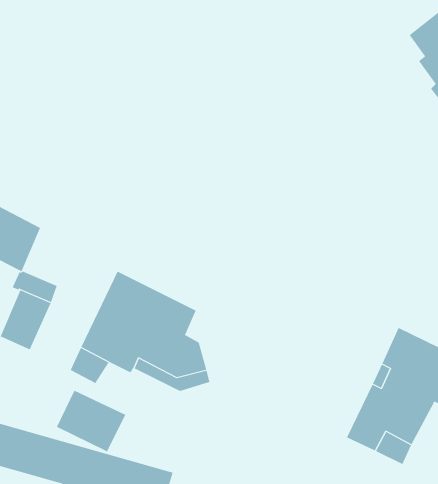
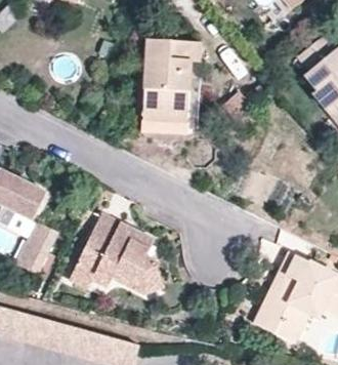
building: none -> [142,39,200,134]
building: [56,390,126,453] -> none

